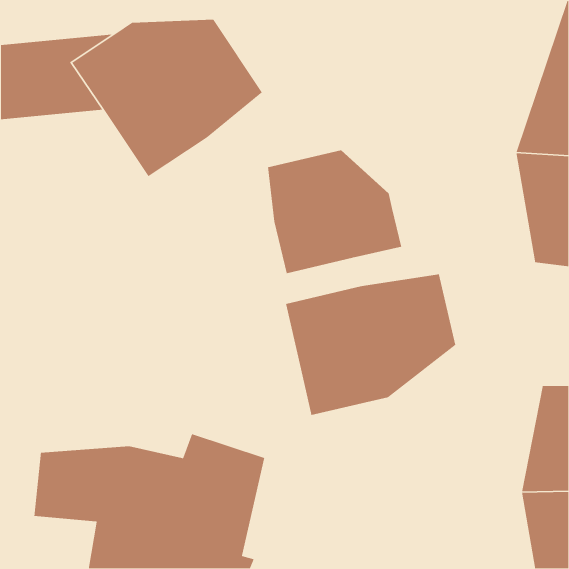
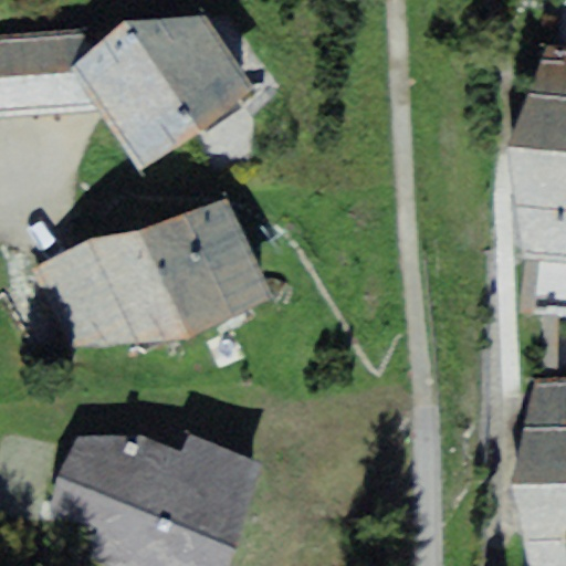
building: [267,150,402,274] -> none
building: none -> [17,198,261,344]
building: [285,273,456,416] -> none

